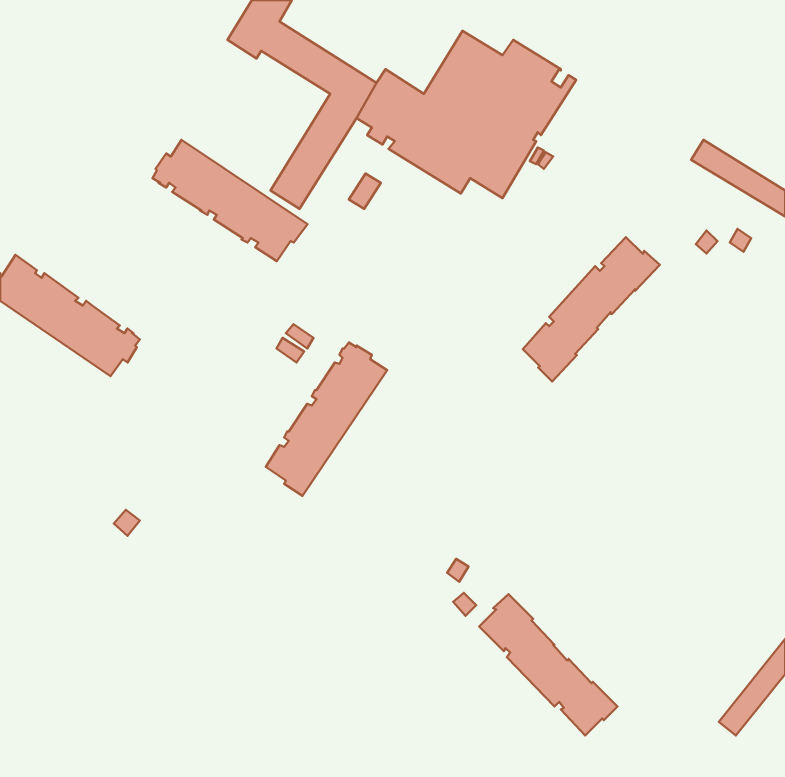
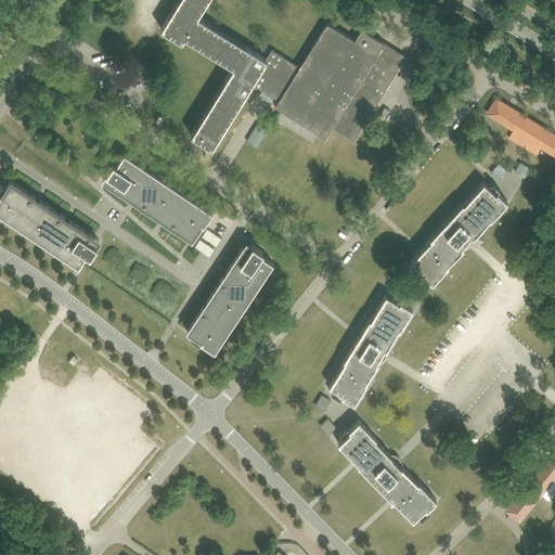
building: [152,140,308,261] -> [103,157,212,243]
building: [523,237,660,381] -> [411,186,507,288]
building: none -> [330,299,412,408]

